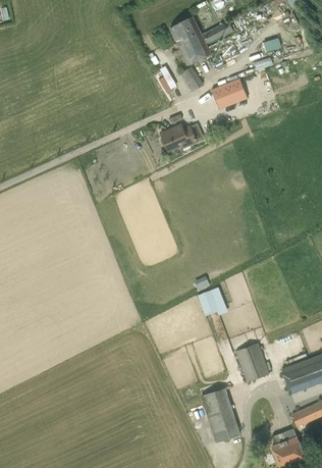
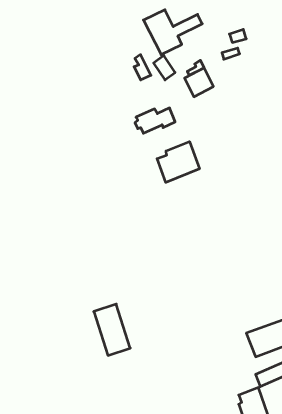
building: none -> [157,142,199,182]
building: [198,285,229,315] -> none
building: [235,342,270,381] -> none
building: [201,386,240,443] -> [94,304,130,355]

